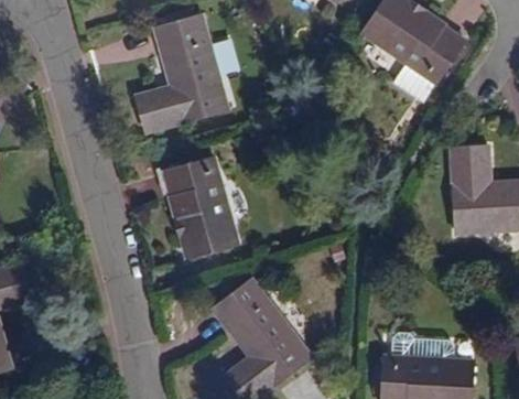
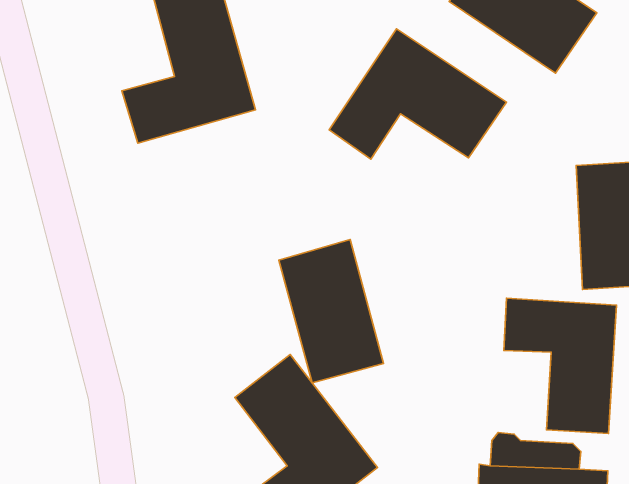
building: none -> [329,29,507,159]
building: [163,157,236,256] -> [279,240,383,383]
building: none -> [504,298,617,434]

